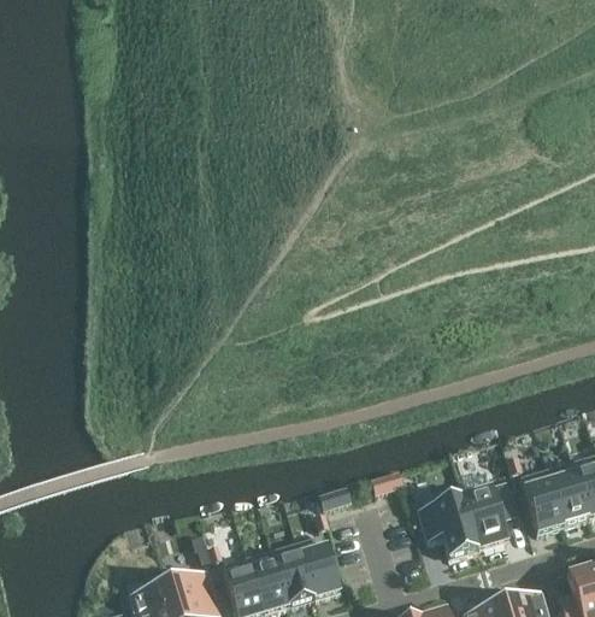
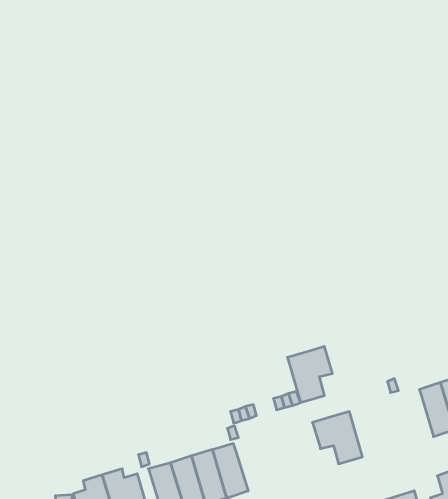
building: [520,469,564,534] -> none
building: [463,483,517,551] -> [287,346,332,403]

